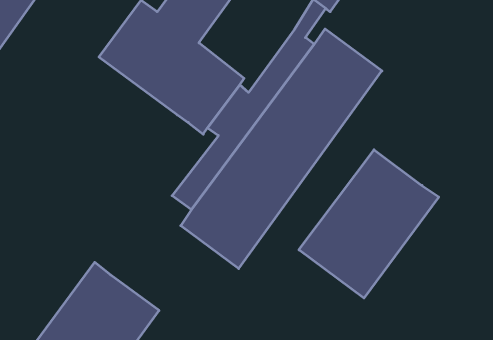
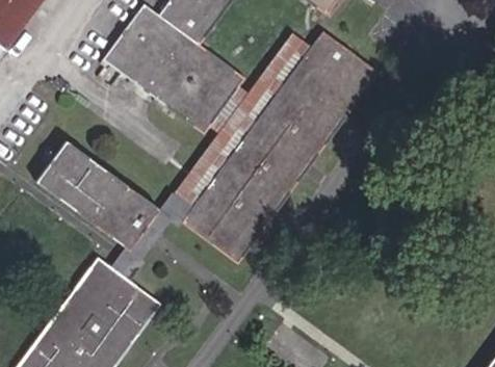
building: none -> [36,141,159,250]
building: [299,150,439,298] -> none

